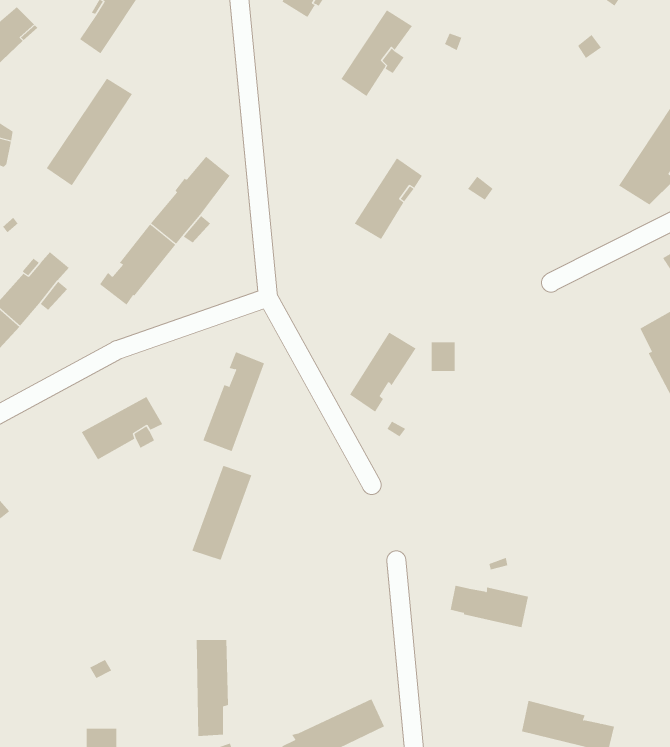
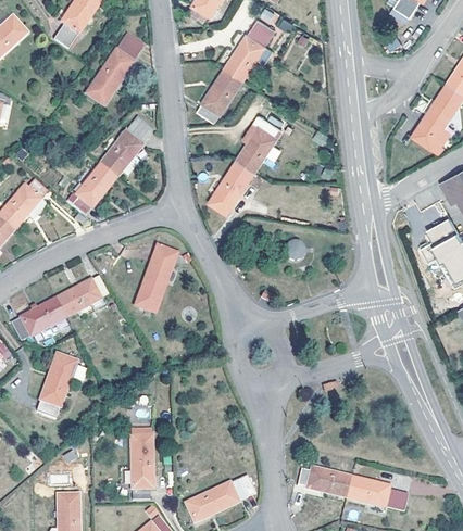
building: [46,78,133,186] -> [86,34,143,105]
building: none -> [196,65,243,123]
building: [349,332,417,412] -> [209,161,253,214]
building: none -> [10,299,65,341]
building: [191,465,252,561] -> [36,354,76,417]
building: [450,585,529,628] -> [298,468,350,496]

